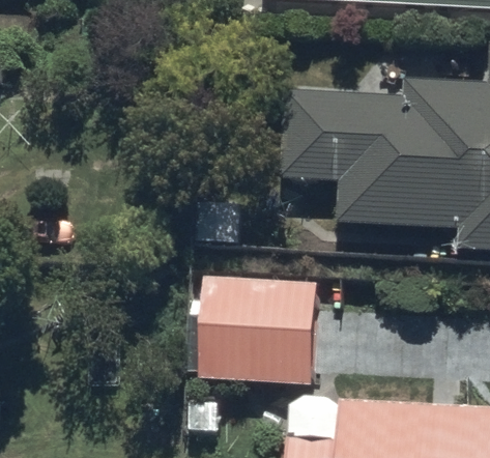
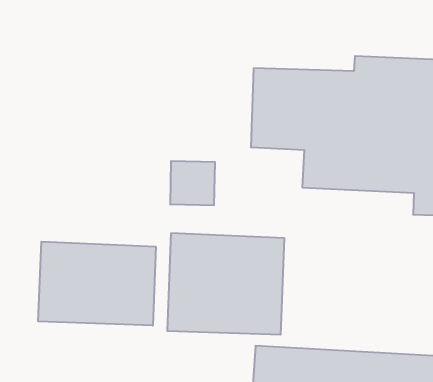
building: none -> [38,242,156,326]

